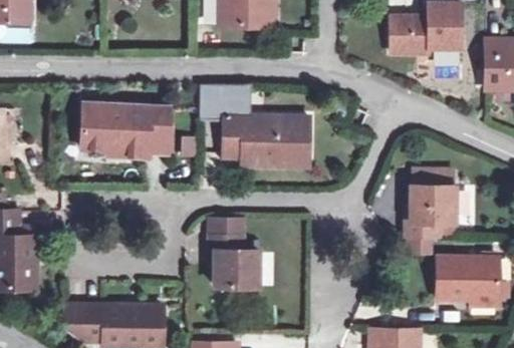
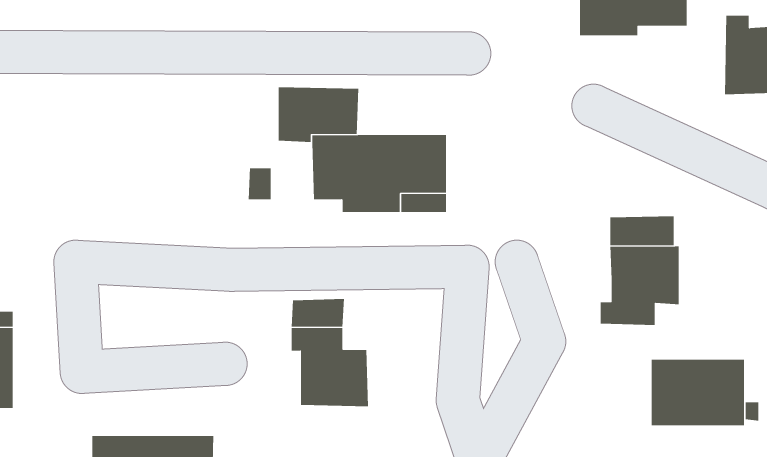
building: [82,104,170,157] -> none

